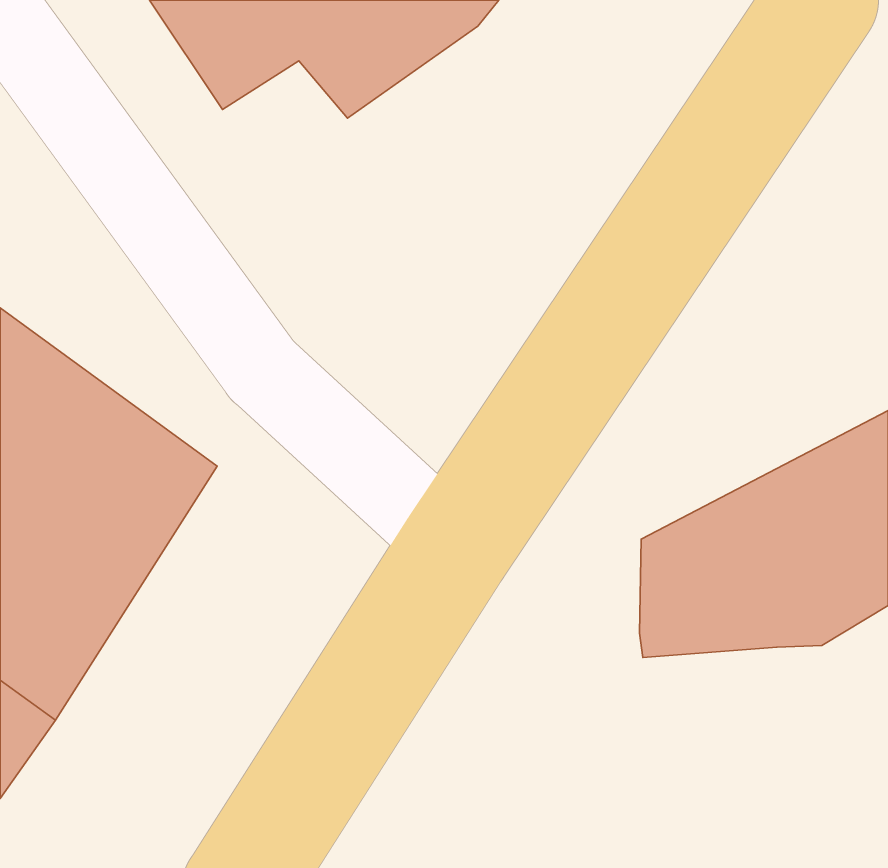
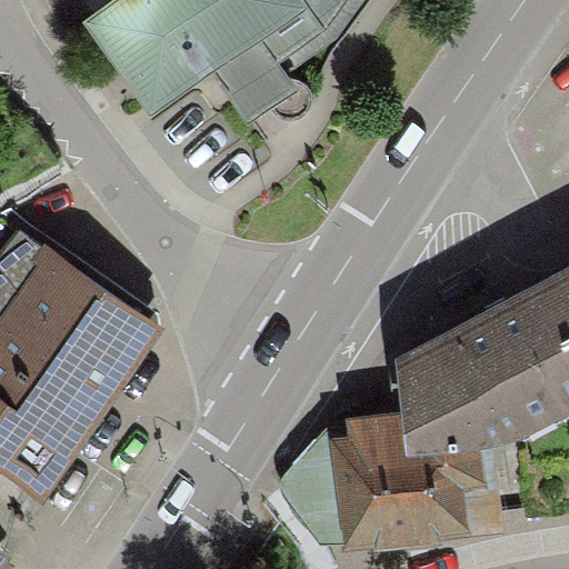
building: none -> [287,418,510,553]

